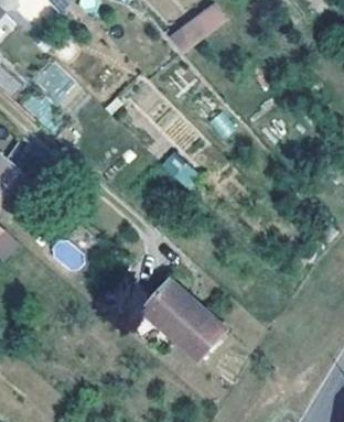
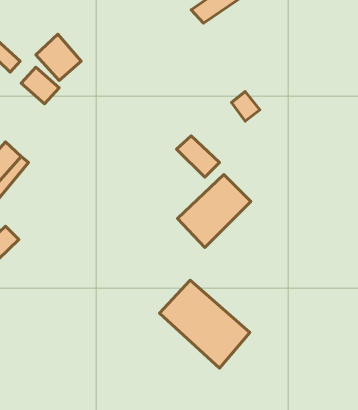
building: none -> [177,175,251,248]

